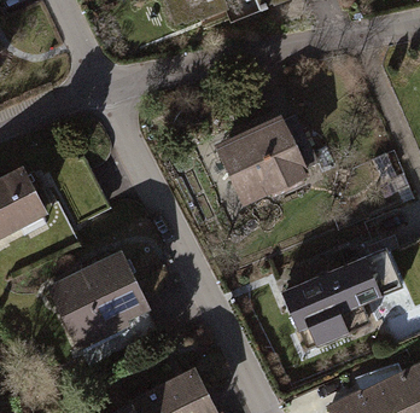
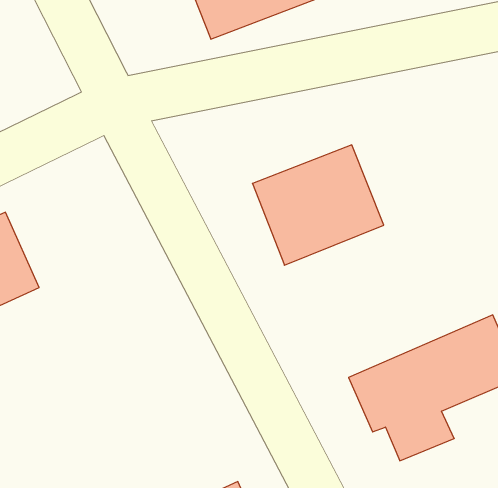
building: [48,255,156,354] -> none

